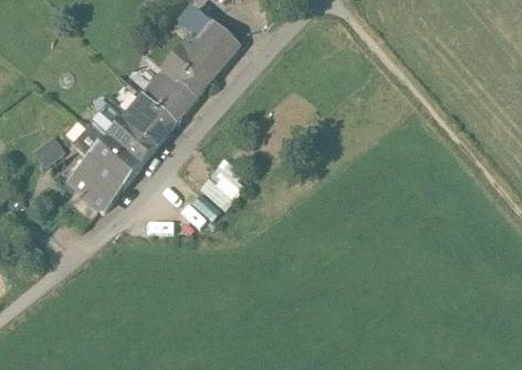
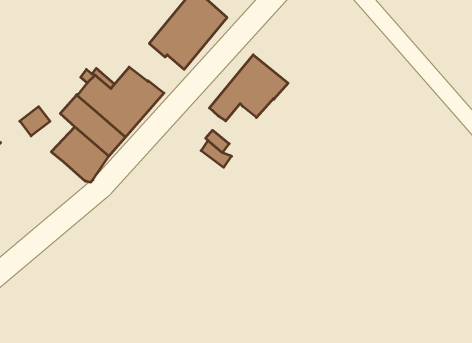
building: [140,74,194,123] -> none
building: none -> [209,55,288,121]

